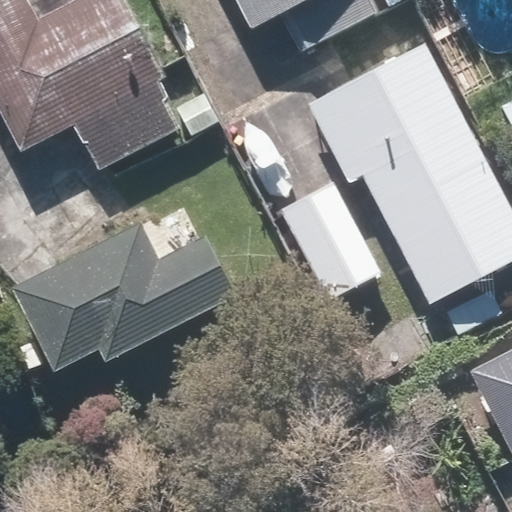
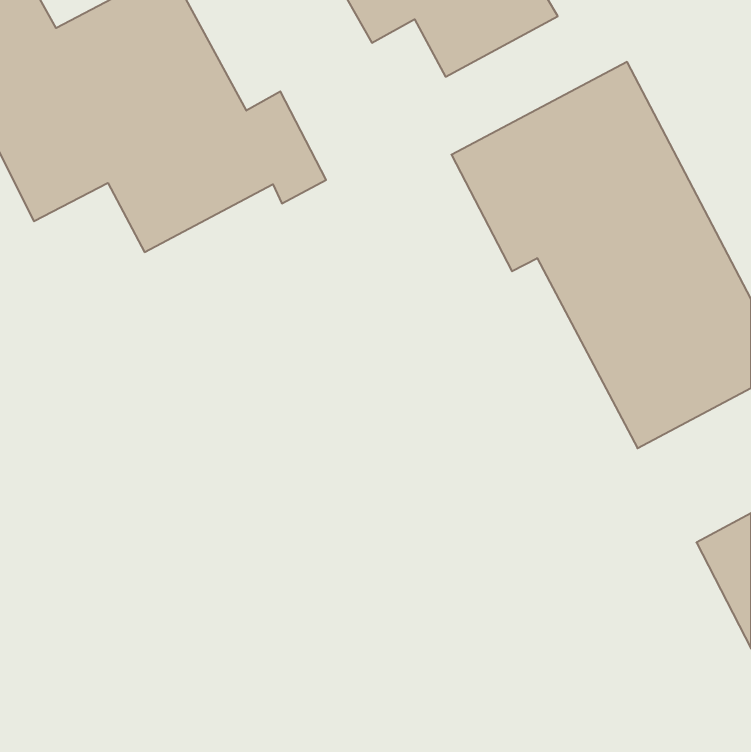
building: [278,180,381,301] -> none
building: [11,220,236,371] -> none

